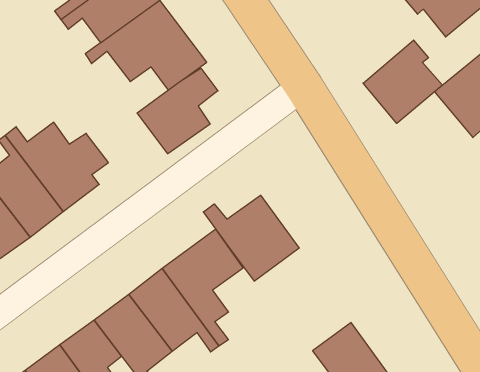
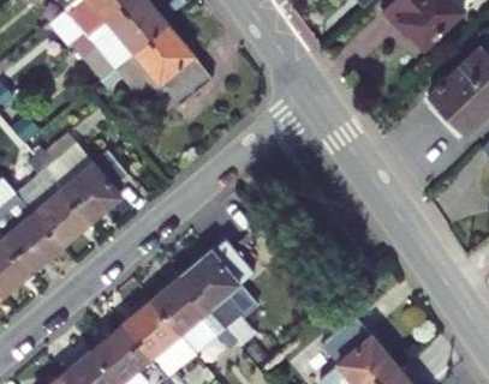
building: [363,40,442,123] -> none
building: [137,68,218,154] -> none
building: [203,195,299,281] -> none

